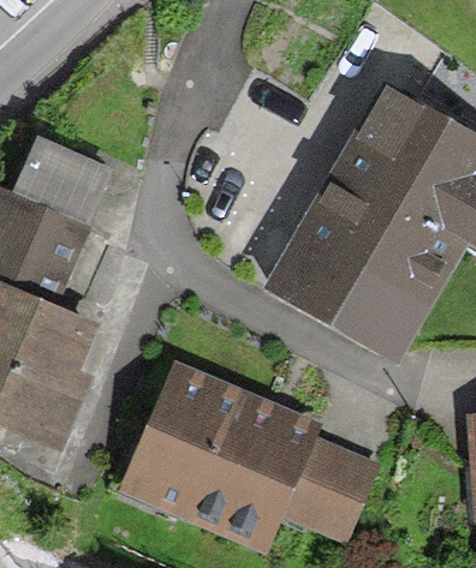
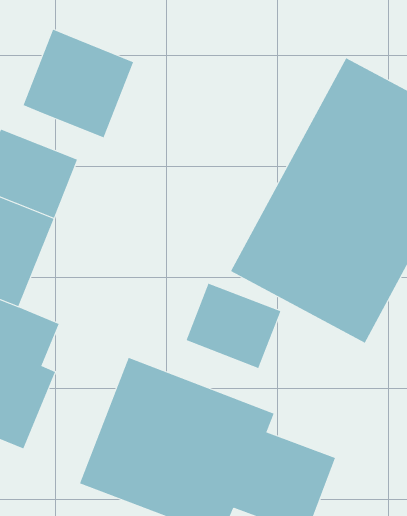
building: none -> [23,29,134,138]
building: none -> [186,283,281,369]

